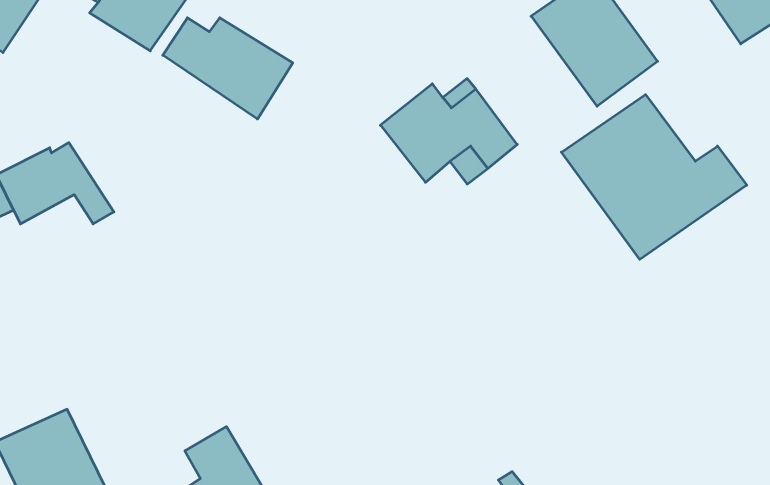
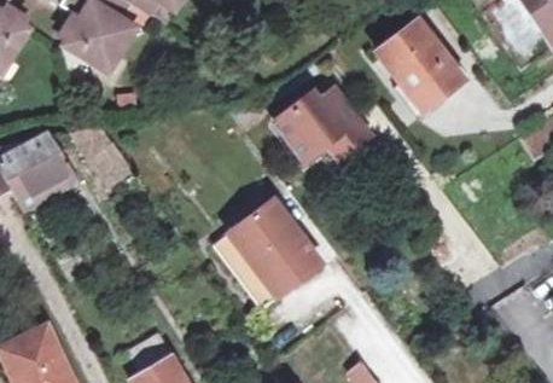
building: [163,18,293,119] -> none
building: [561,95,747,259] -> none
building: none -> [214,202,320,309]

